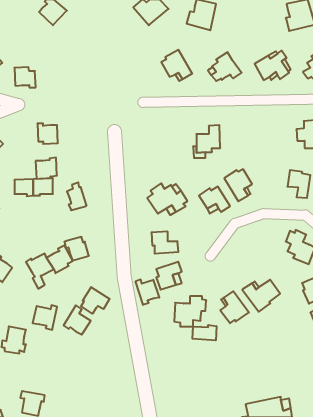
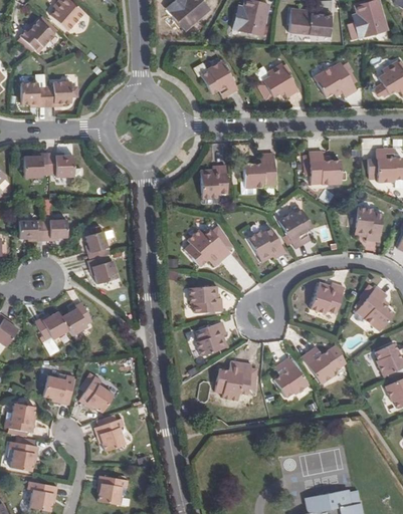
building: none -> [298,10,333,36]
building: none -> [19,20,54,50]
building: none -> [45,82,71,107]
building: none -> [304,153,344,187]
building: none -> [198,165,225,197]
building: [36,158,57,179] -> [23,152,49,178]
building: none -> [303,283,341,316]
building: [64,237,89,261] -> [86,253,117,282]
building: [136,279,159,305] -> none
building: [81,287,110,314] -> none
building: [192,325,216,340] -> none
building: none -> [94,417,126,450]
building: none -> [8,440,37,470]
building: none -> [102,471,132,501]

